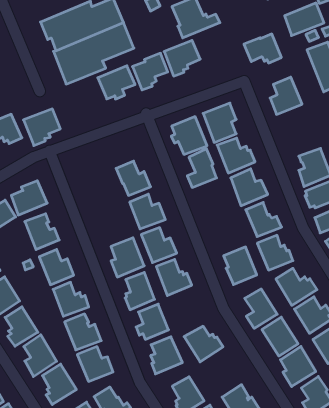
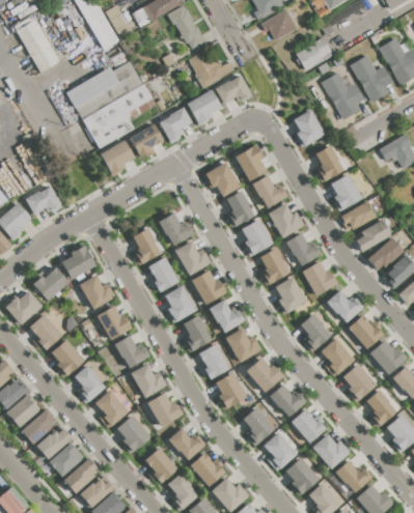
building: [244,34,281,63] -> [216,75,253,104]
building: [23,109,60,146] -> [99,139,135,176]
building: none -> [314,145,344,182]
building: none -> [131,225,165,264]
building: none -> [242,219,273,257]
building: none -> [148,256,181,292]
building: none -> [257,248,288,286]
building: none -> [226,327,263,363]
building: none -> [270,384,307,417]

